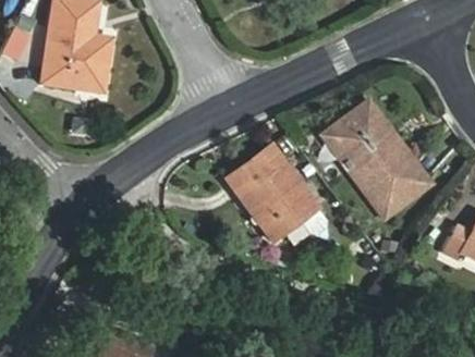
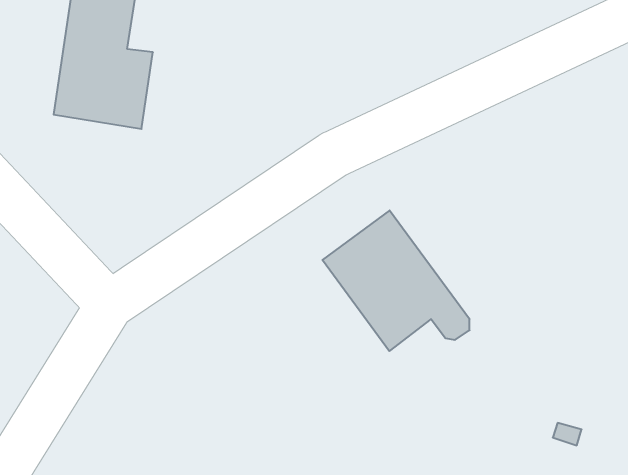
building: [325,108,429,209] -> none

